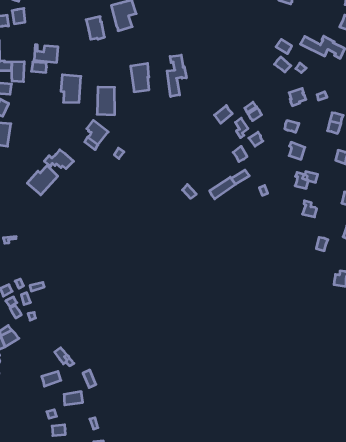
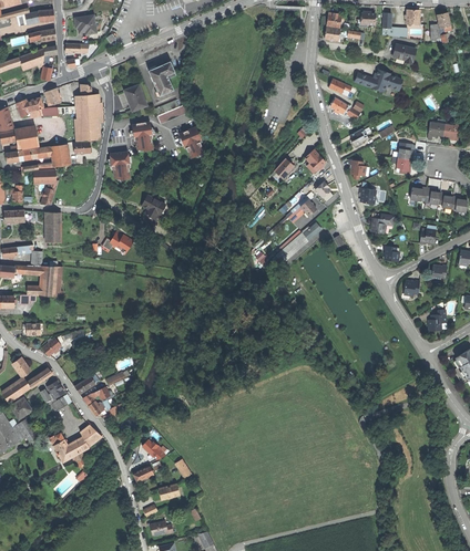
building: none -> [82,84,103,124]
building: [167,55,186,97] -> none
building: [97,87,115,115] -> [131,121,153,152]
building: [27,165,58,195] -> none

